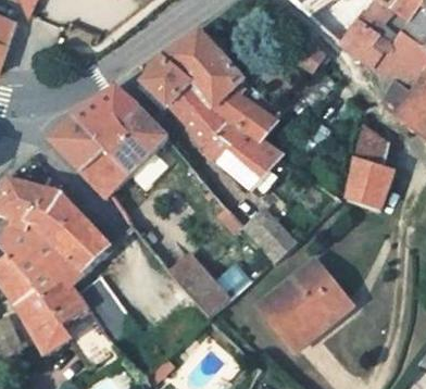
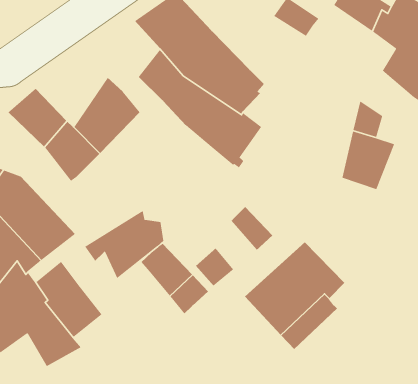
building: [140,57,185,110] -> none
building: [74,86,138,151] -> none
building: none -> [84,210,164,279]

